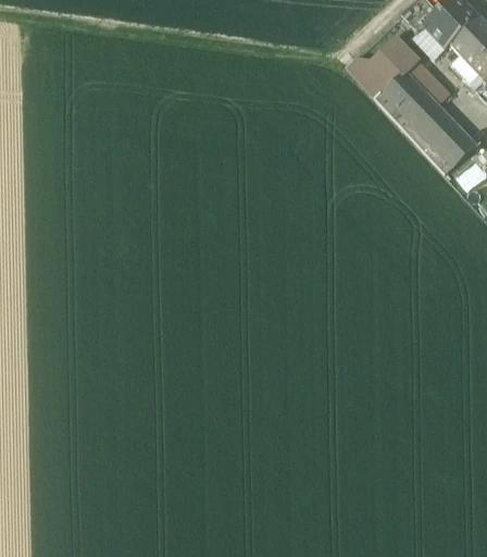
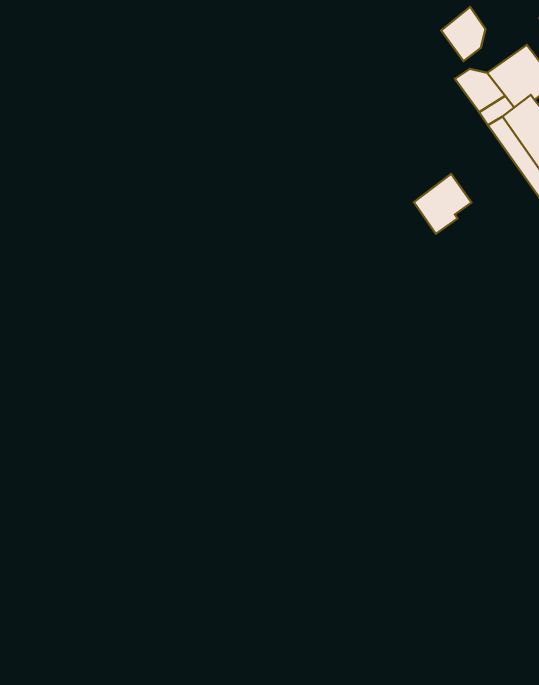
building: none -> [441,7,485,61]
building: none -> [414,174,471,234]

